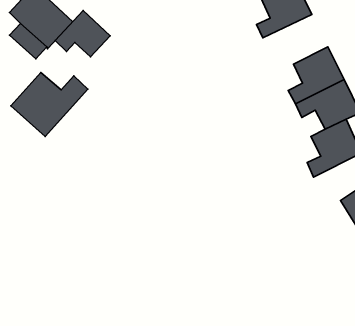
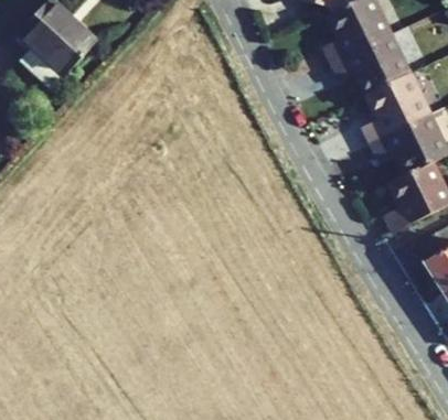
building: [55,11,110,57] -> none
building: none -> [331,32,410,93]
building: [11,72,88,137] -> none

